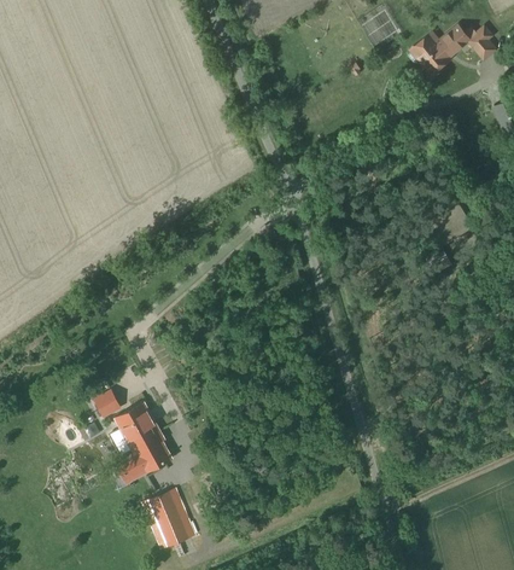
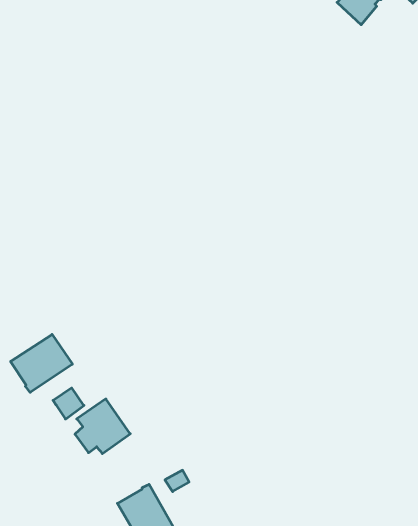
building: none -> [11,334,72,392]
building: [118,438,171,482] -> none

